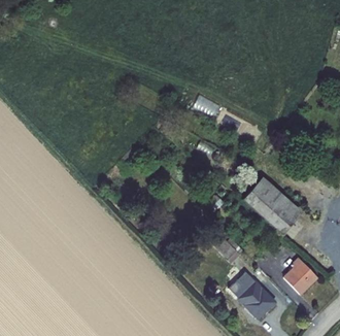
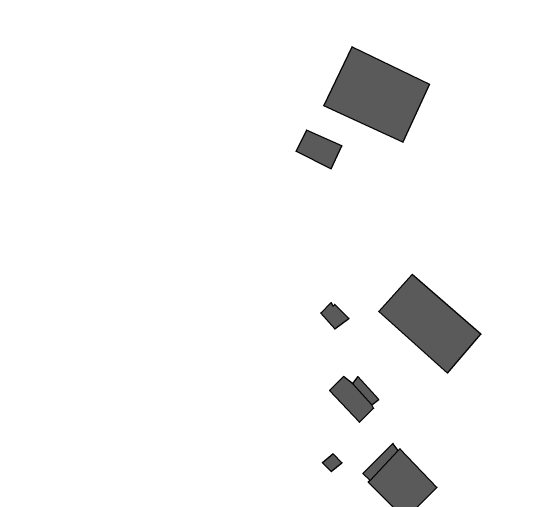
building: none -> [324,47,429,142]
building: [282,257,319,296] -> none

